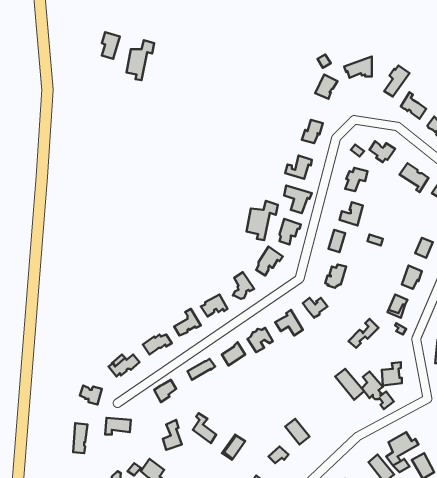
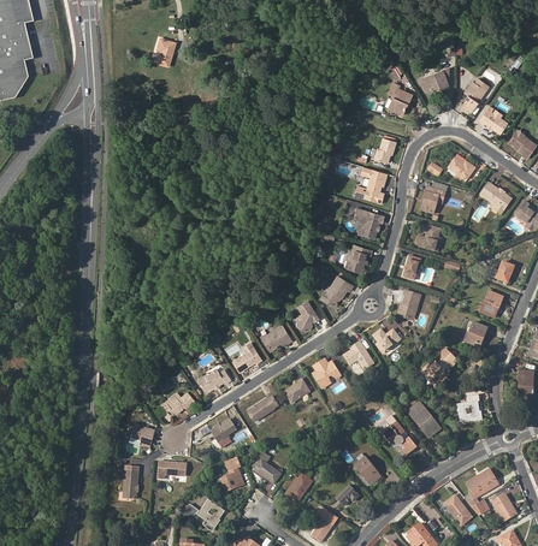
building: [126,40,154,80] -> none
building: [247,201,278,240] -> none
building: [362,371,394,409] -> [382,416,416,457]

